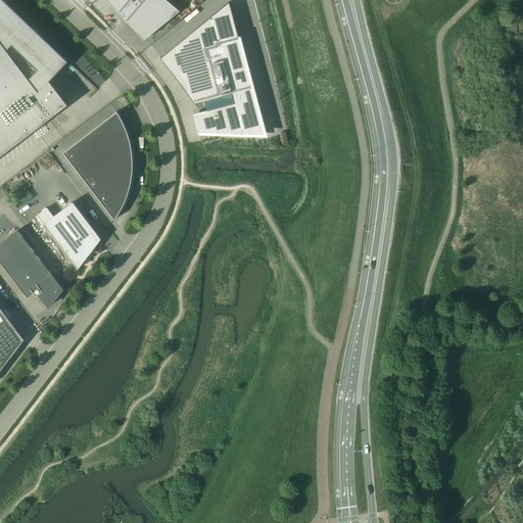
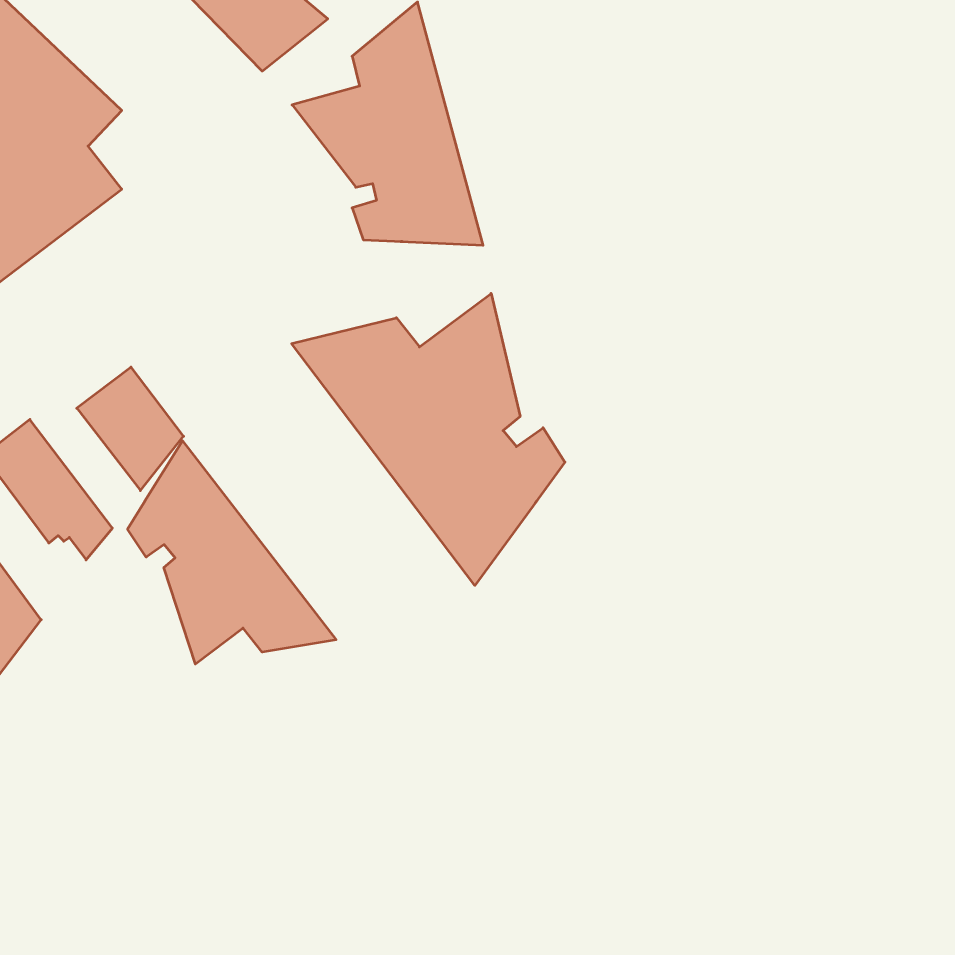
building: [62,110,131,219] -> none
building: none -> [292,293,565,585]
building: none -> [128,441,336,664]

